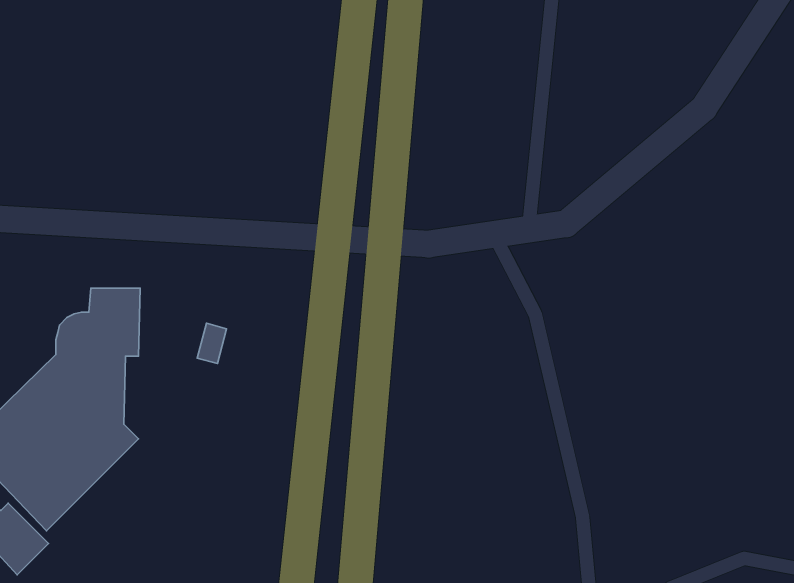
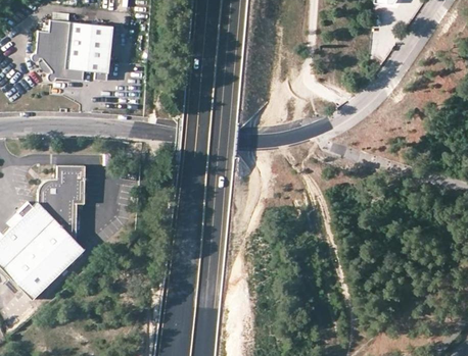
building: none -> [32,19,112,82]

